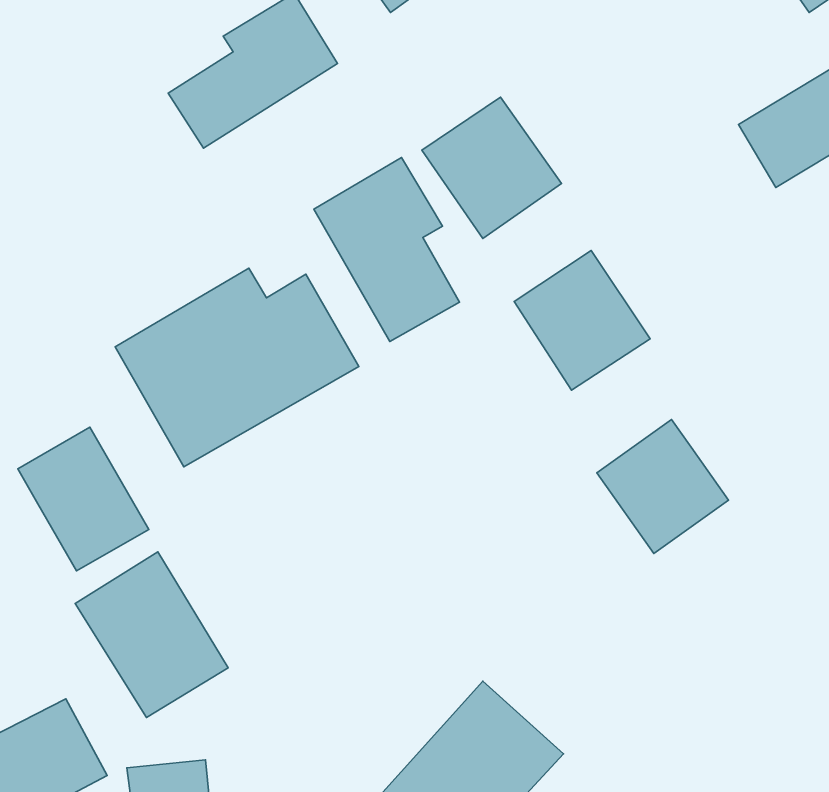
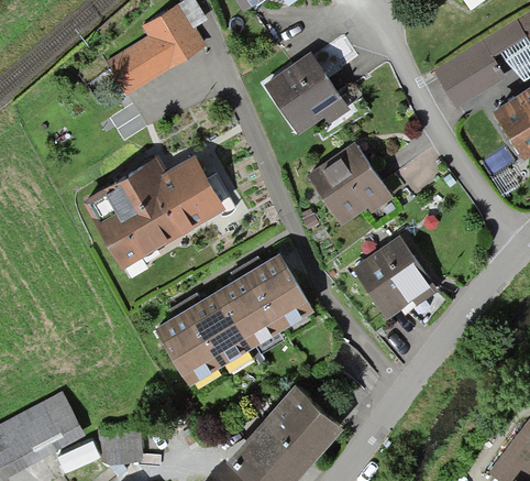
building: [314,157,460,342] -> none
building: [18,427,149,571] -> none
building: none -> [156,251,313,382]
building: [75,552,228,718] -> none

